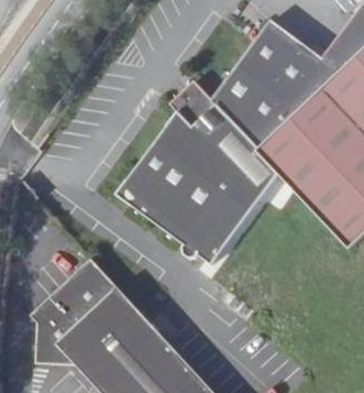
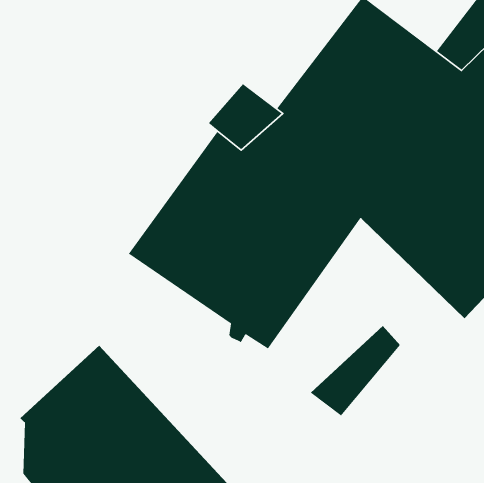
building: none -> [310,325,401,416]

